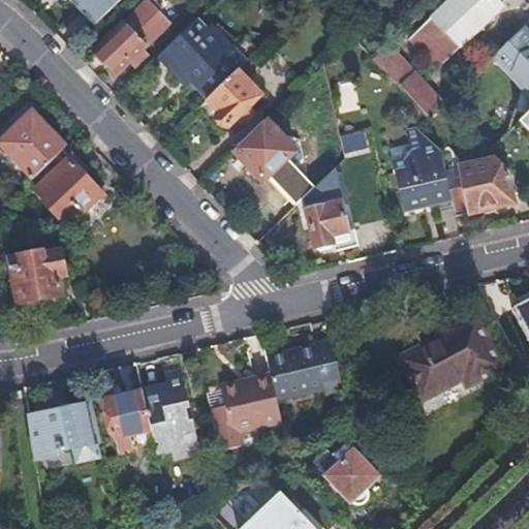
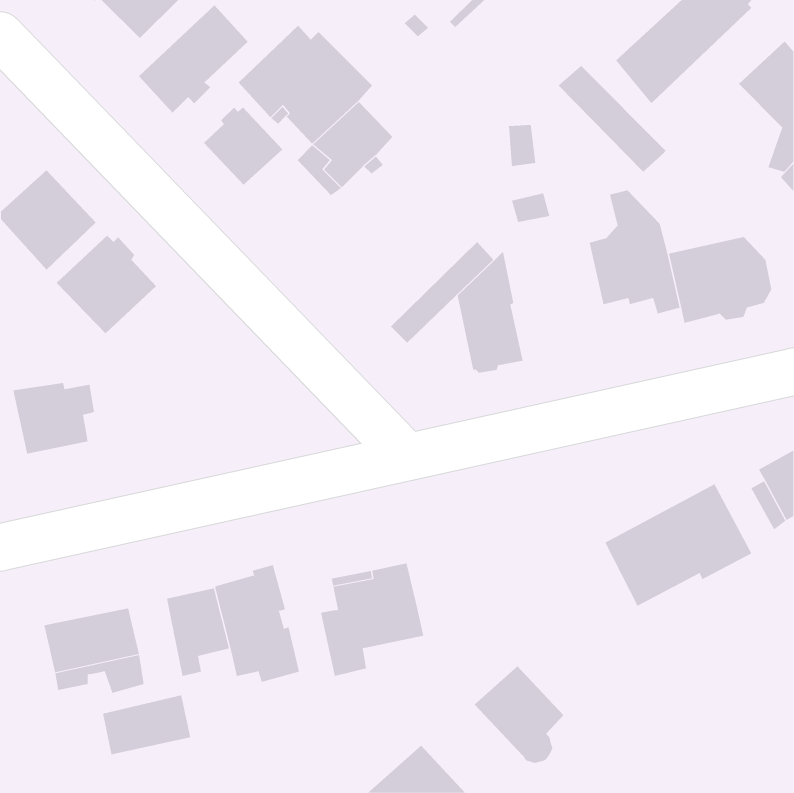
building: none -> [203,107,283,186]
building: [232,116,297,179] -> none
building: [268,339,343,400] -> none
building: none -> [103,694,191,755]

